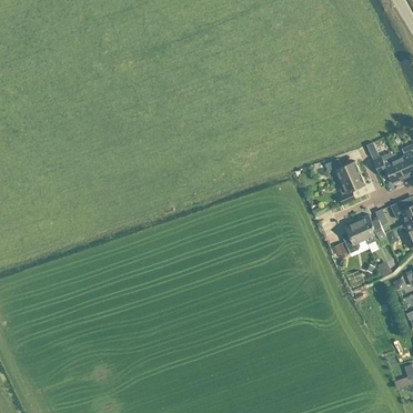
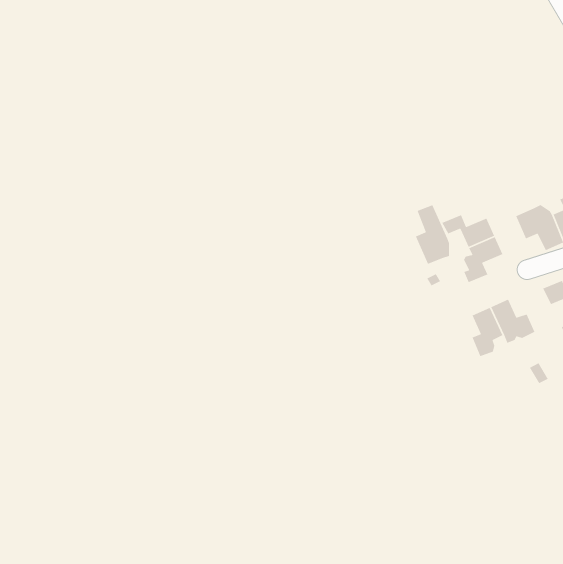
building: none -> [415,204,450,265]

